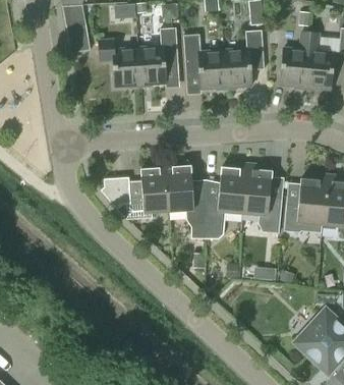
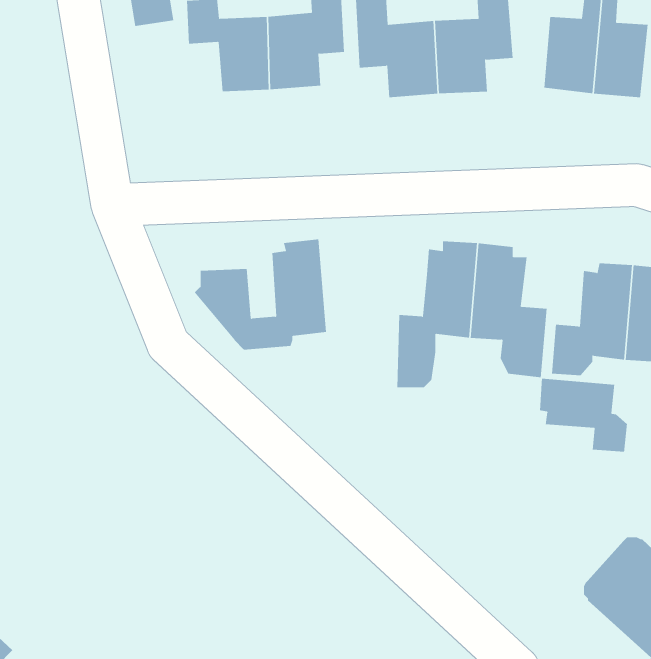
building: [165,161,206,238] -> none
building: none -> [539,378,627,452]

